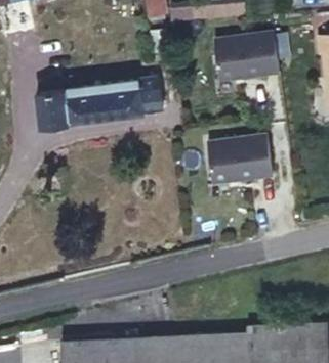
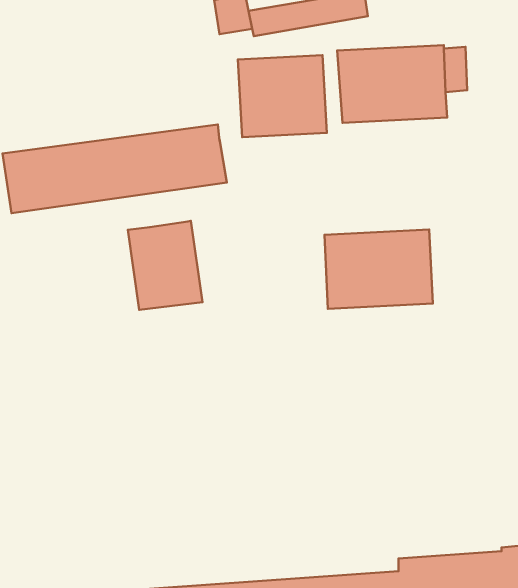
building: none -> [238,55,327,137]
building: none -> [128,221,202,310]

